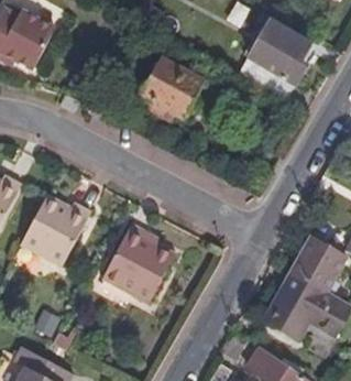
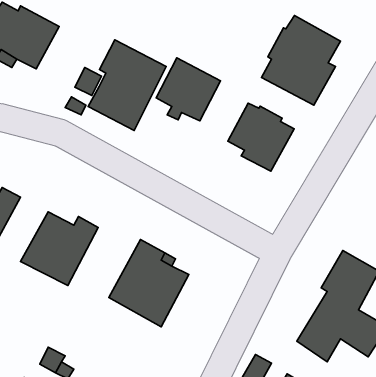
building: none -> [88,40,166,130]
building: none -> [228,103,294,171]

